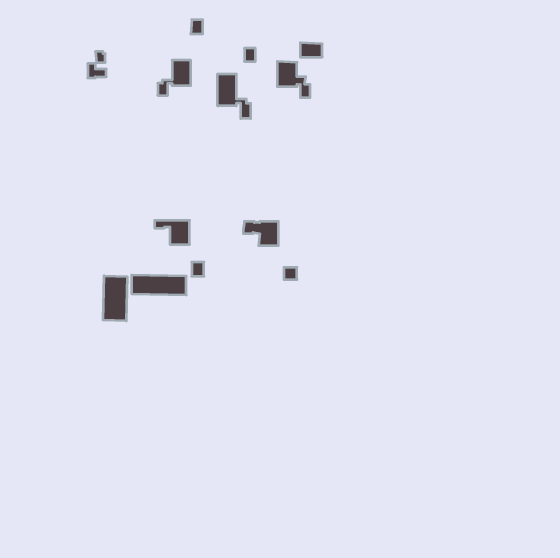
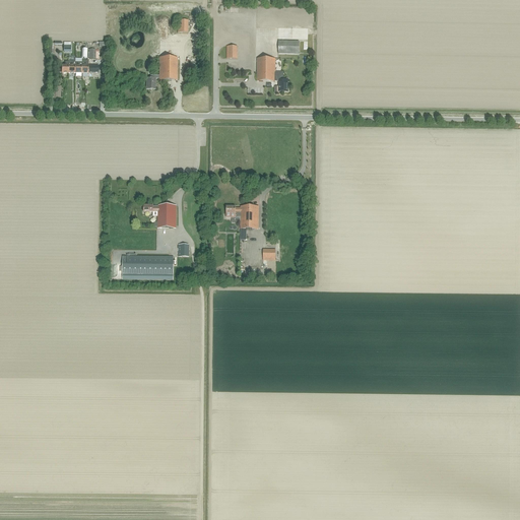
building: [218,74,251,119] -> none
building: [103,276,127,321] -> none

